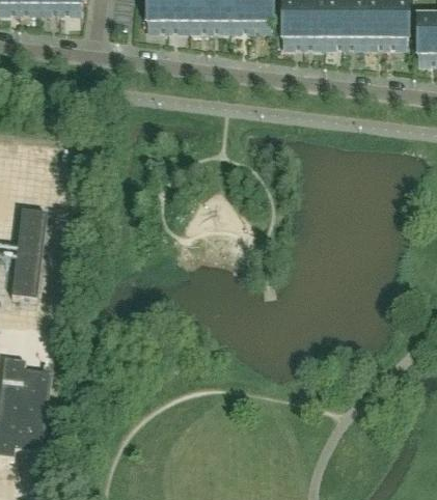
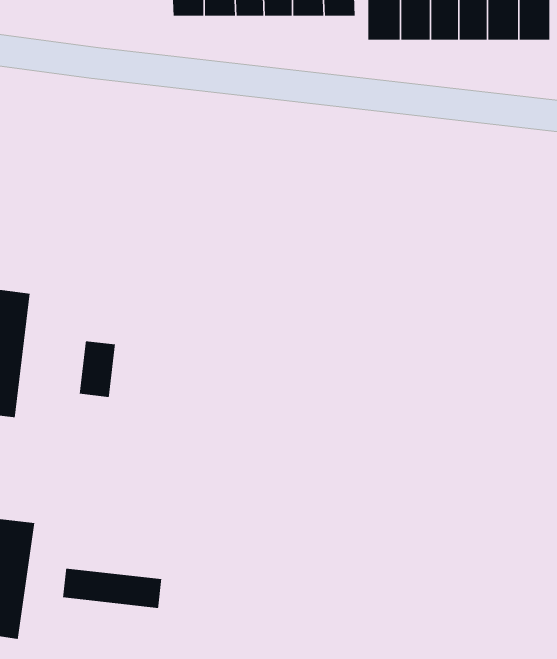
building: none -> [79,340,116,398]
building: none -> [63,568,162,609]

